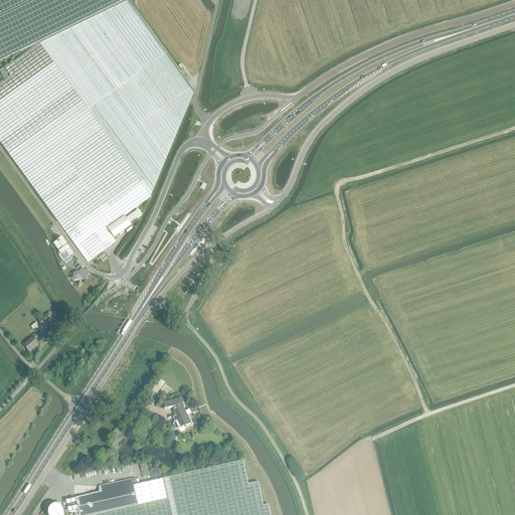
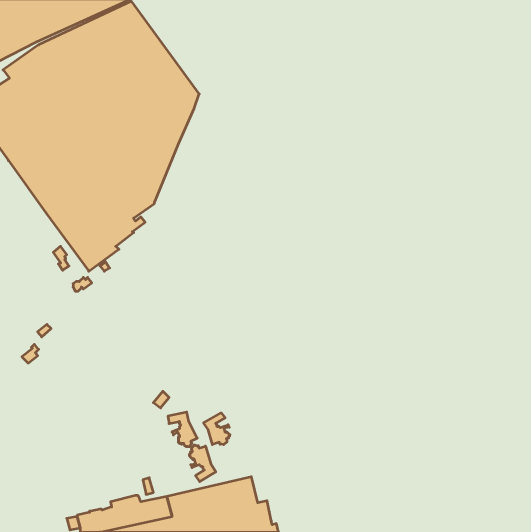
building: none -> [204,413,230,445]
building: none -> [189,445,216,482]

